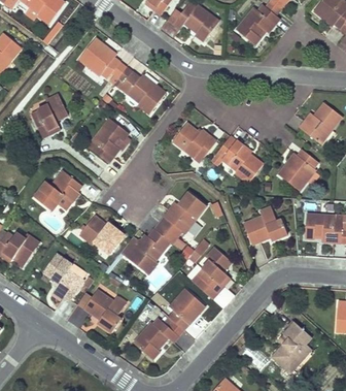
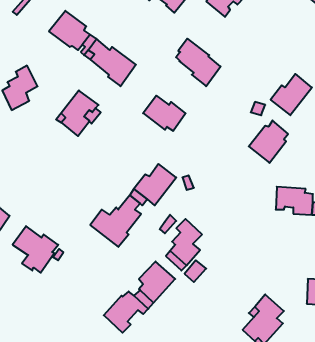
building: [218,136,263,184] -> [176,39,221,86]
building: [35,171,81,210] -> none
building: [243,207,288,245] -> none
building: [79,217,124,254] -> none
building: [84,290,126,331] -> none

